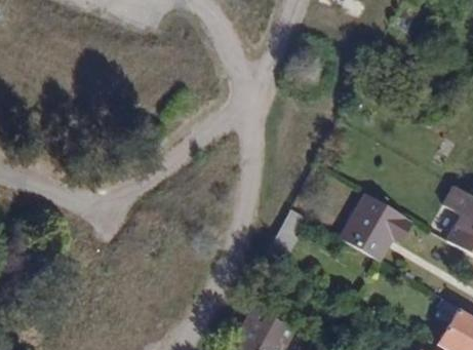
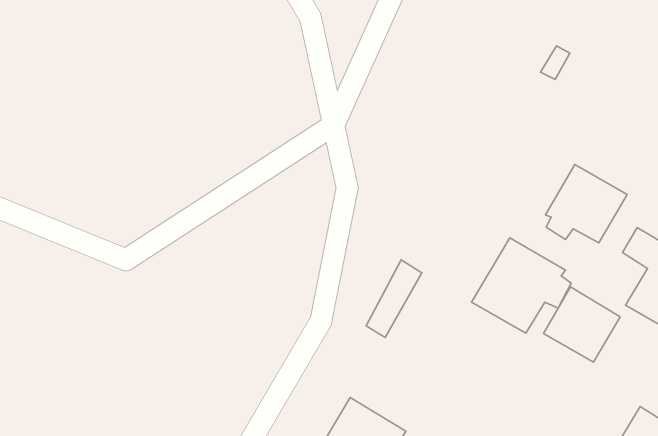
building: none -> [546,165,627,243]
building: none -> [543,287,620,362]

